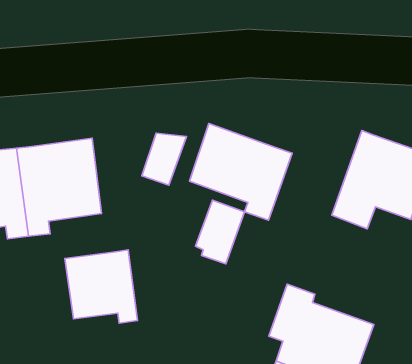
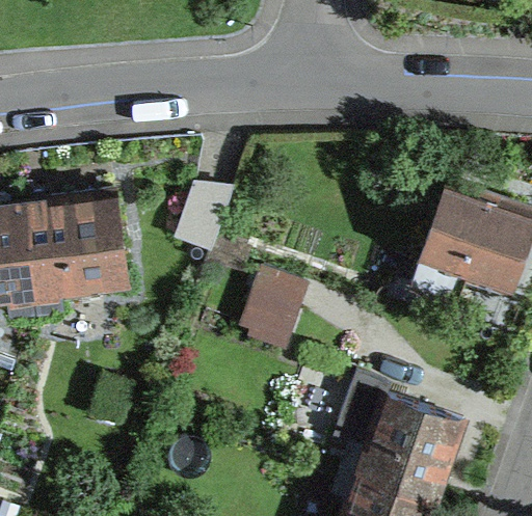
building: [189,123,292,220] -> none
building: [65,250,137,323] -> none

